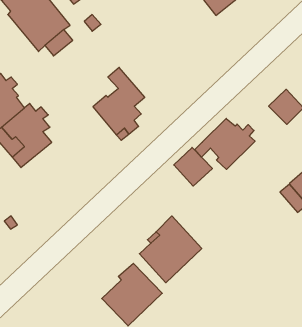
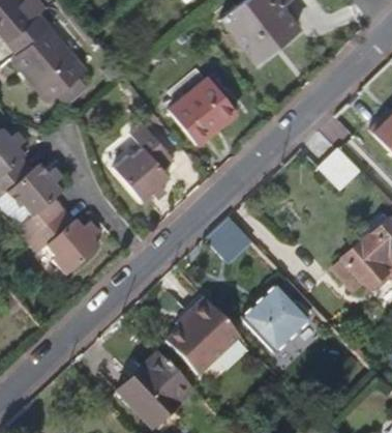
building: none -> [168,76,237,143]
building: [195,118,255,169] -> none
building: none -> [27,209,97,271]
building: none -> [241,285,307,351]

